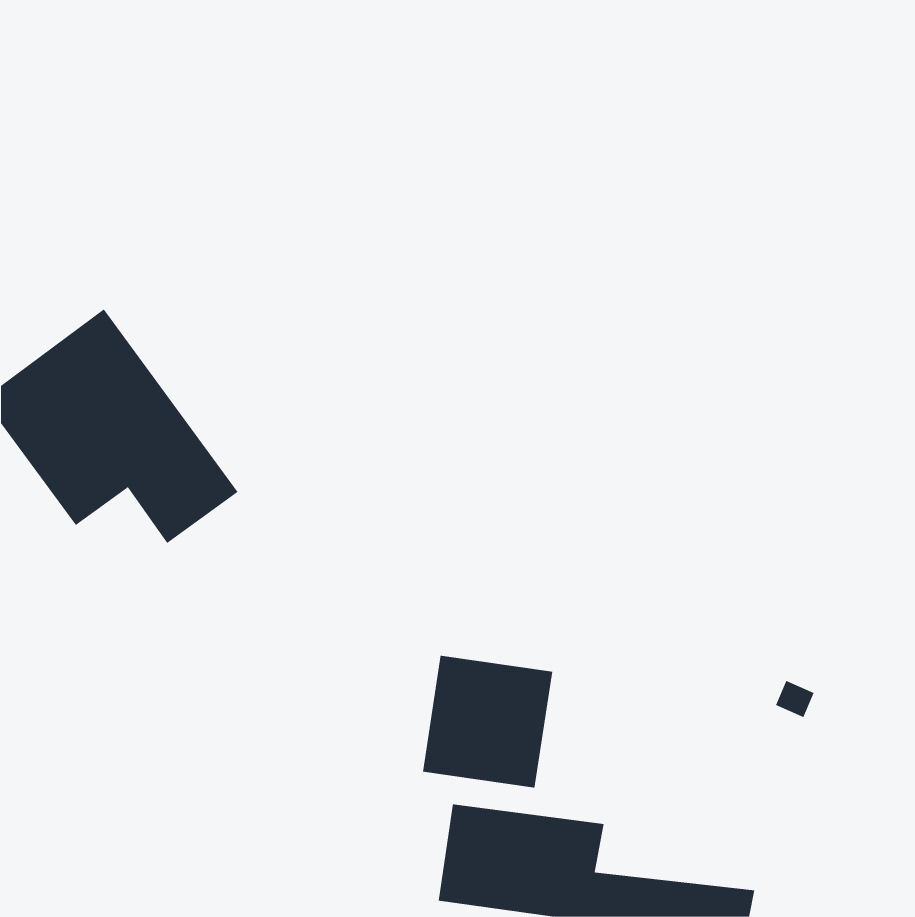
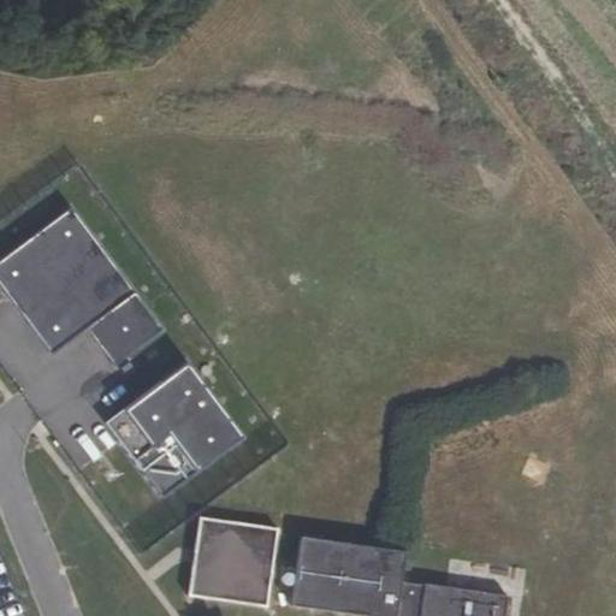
building: none -> [107,365,241,496]
building: [422,655,553,788] -> [189,517,277,606]

